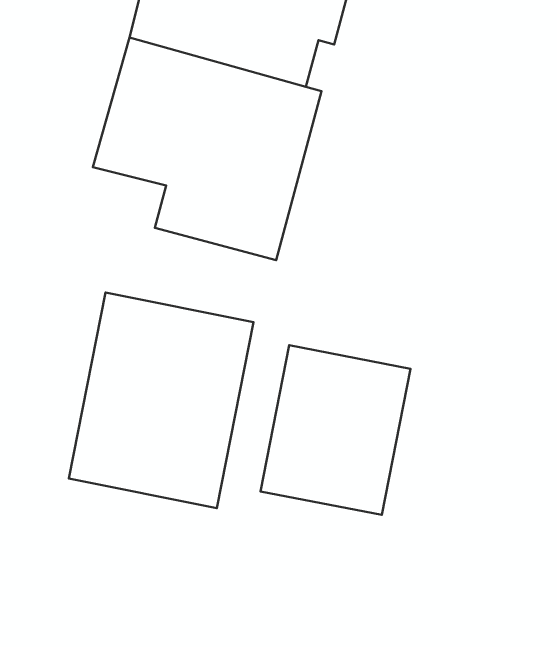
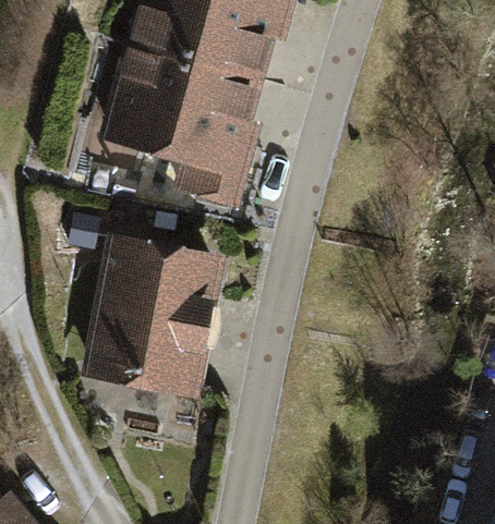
building: [260,345,411,515] -> none

